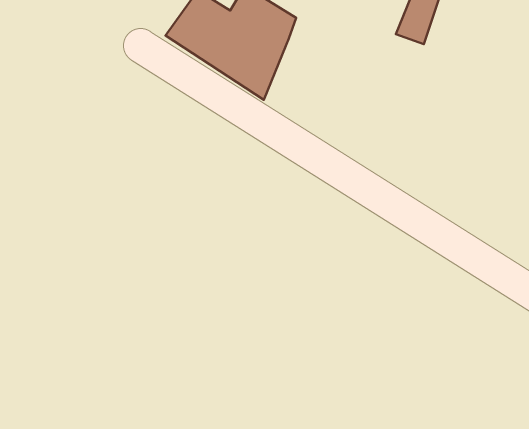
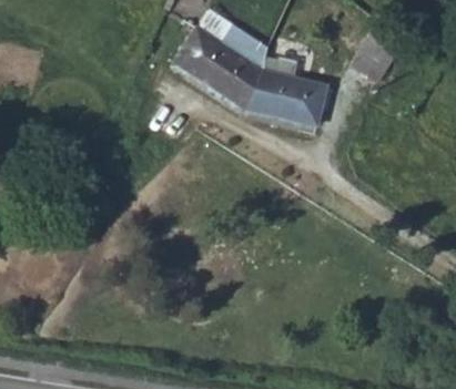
building: none -> [243,62,326,125]

